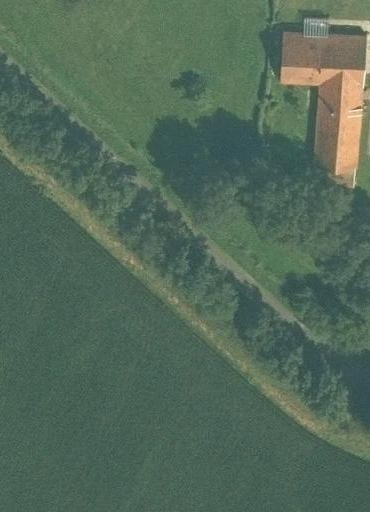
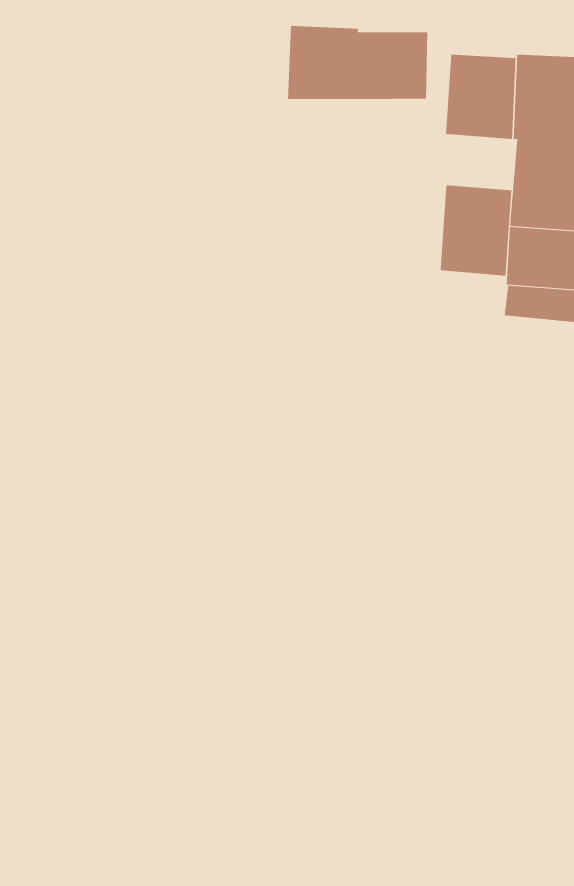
building: none -> [288,25,428,100]
building: none -> [440,184,512,276]

